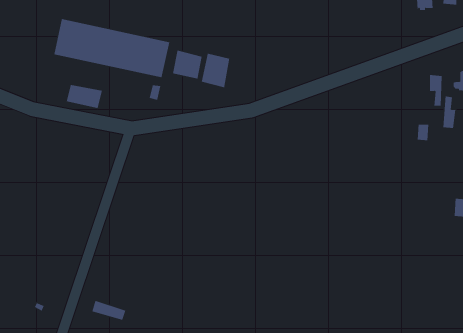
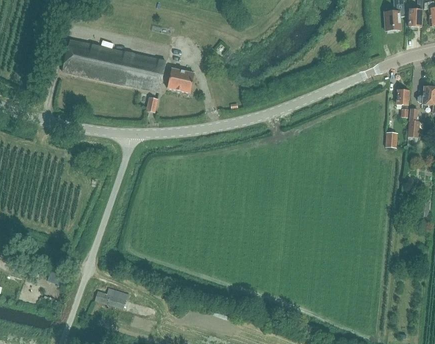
building: [201,53,230,88] -> none
building: [66,84,102,109] -> none

